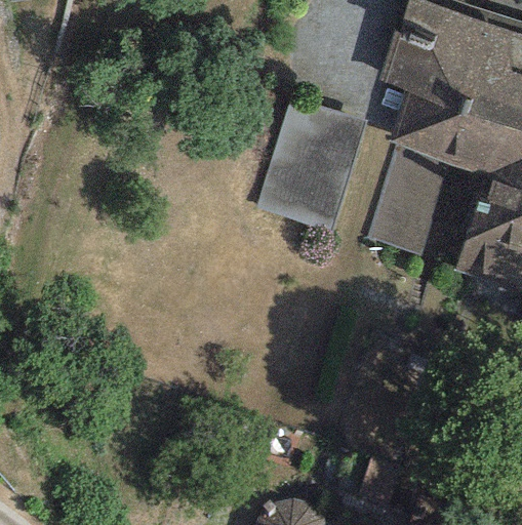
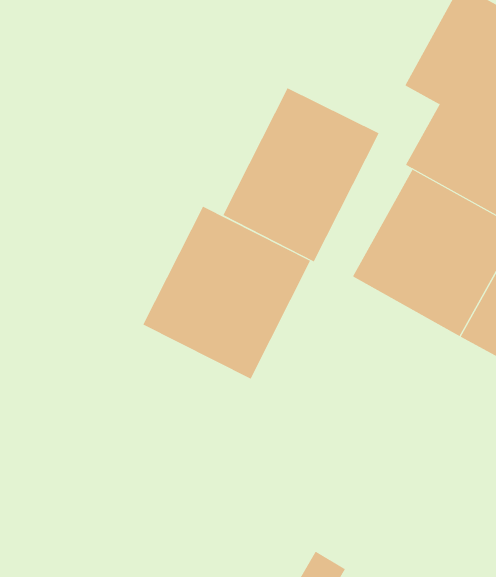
building: none -> [143,206,311,380]

